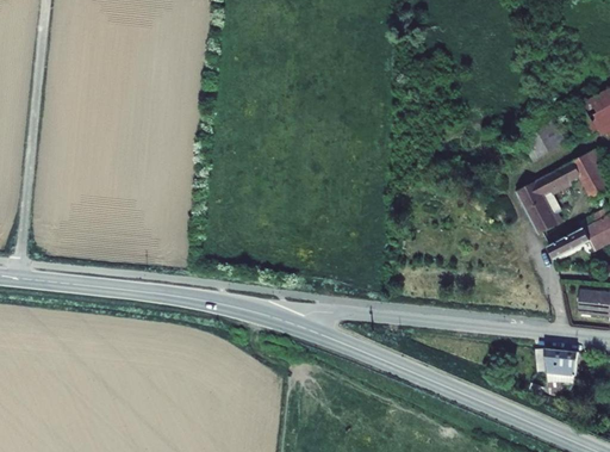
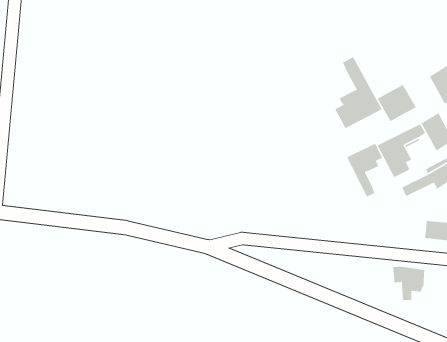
building: none -> [334,56,383,129]
building: none -> [346,143,383,197]

